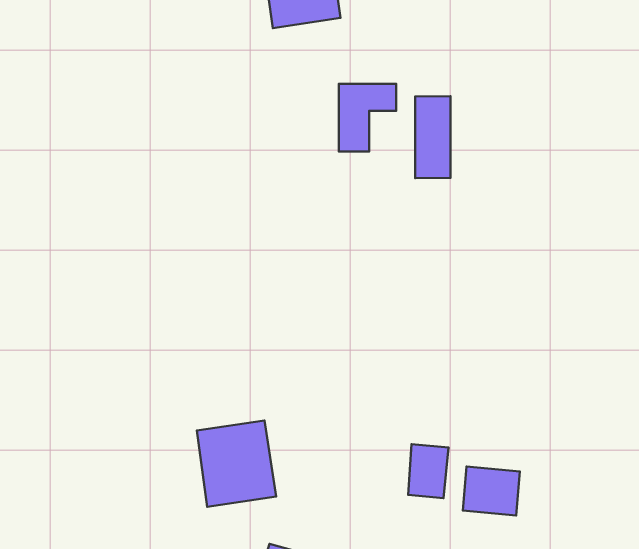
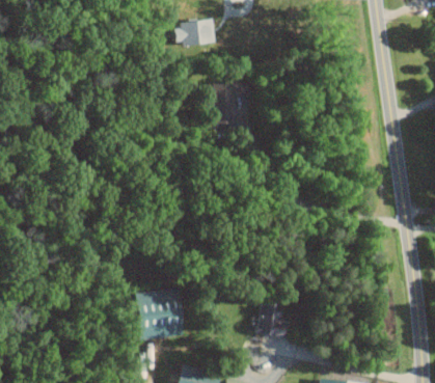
building: [415,96,450,178] -> none
building: [463,467,520,515] -> none

